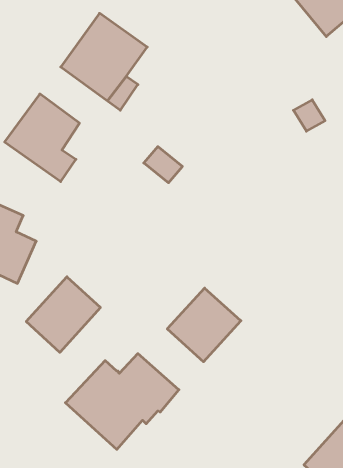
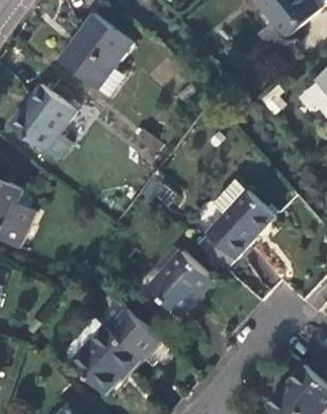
building: none -> [195,178,273,269]
building: [26,277,100,352] -> none

